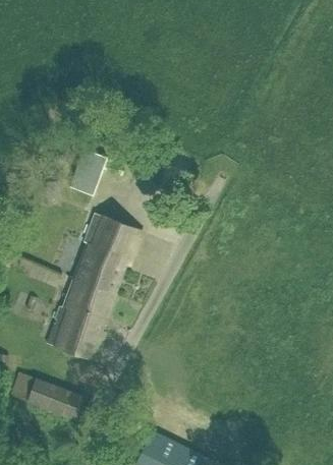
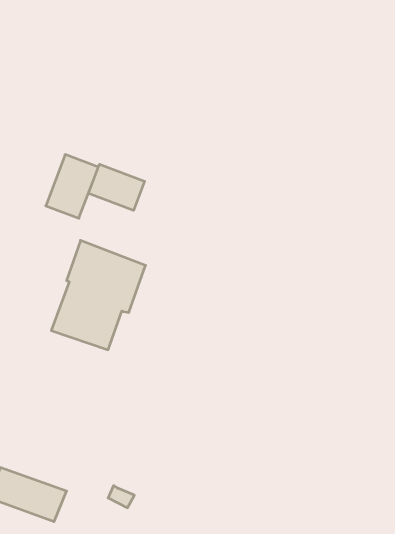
building: none -> [88,164,145,210]
building: [45,278,113,360] -> none

